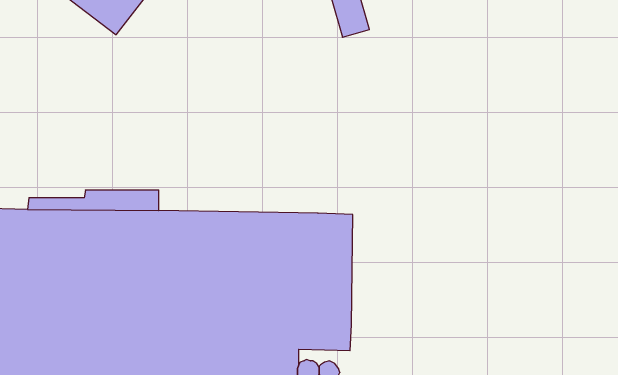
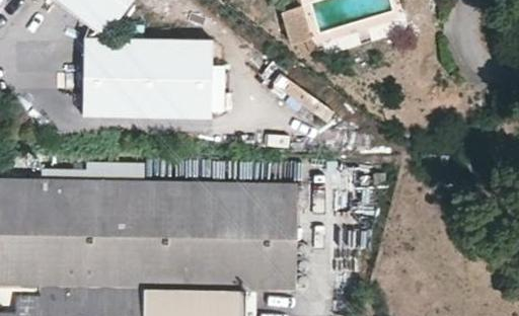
building: none -> [85,42,220,117]

